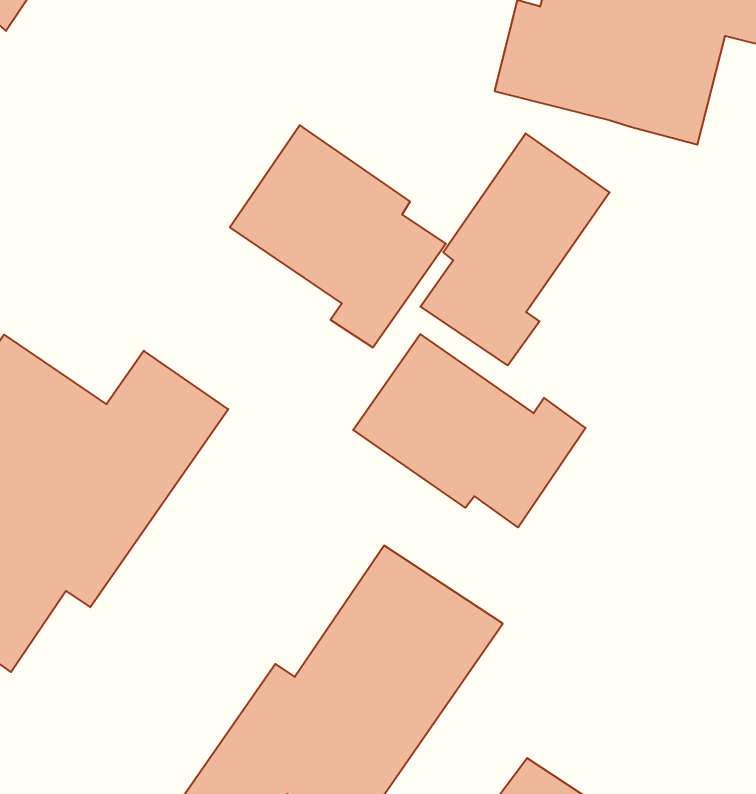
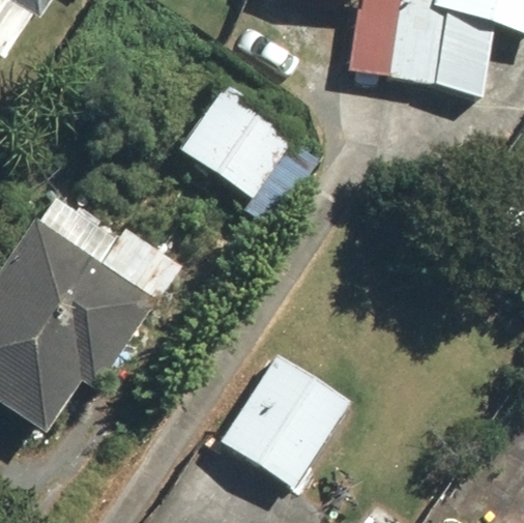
building: [420,133,610,365] -> none
building: [353,334,586,527] -> none

